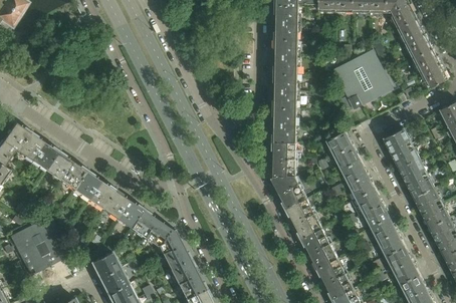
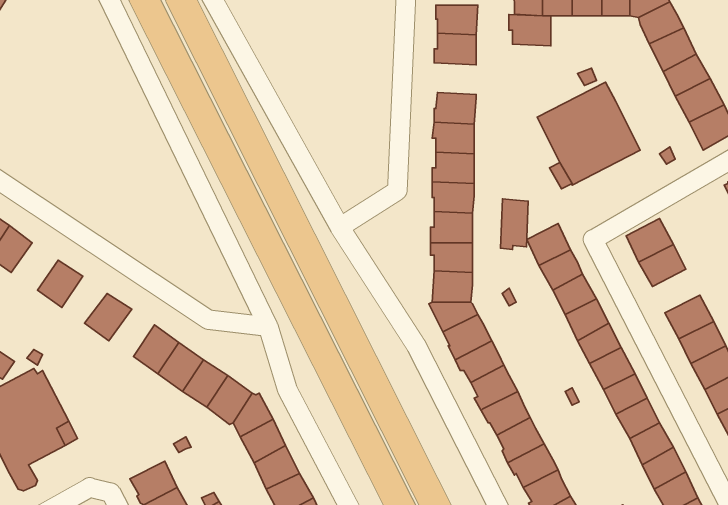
building: [274,39,298,57] -> [509,14,551,46]
building: none -> [500,199,528,249]
building: [31,142,58,170] -> none
building: [400,158,427,183] -> none
building: [60,162,86,189] -> none
building: [87,181,113,208] -> none
building: [91,252,120,278] -> none

